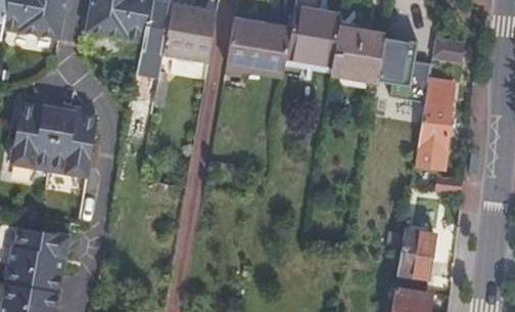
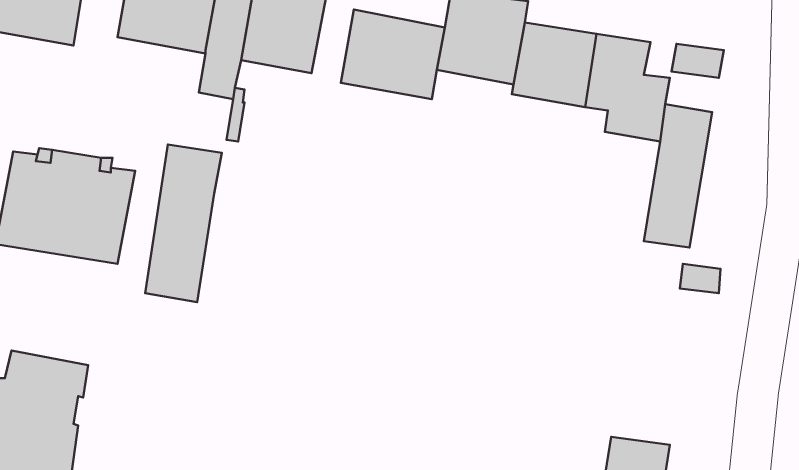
building: none -> [145,145,222,302]
building: [397,230,435,277] -> none

